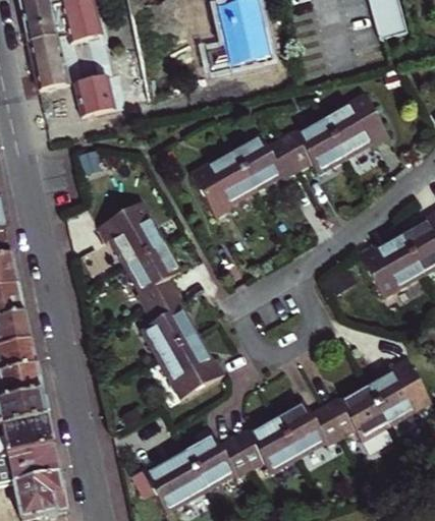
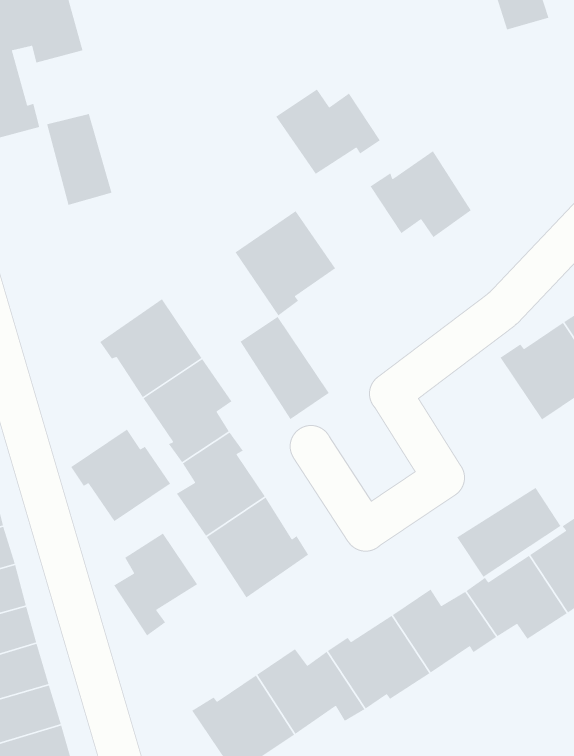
building: [324,95,389,158] -> none
building: [232,133,300,189] -> [275,88,381,175]
building: none -> [240,316,330,420]
building: none -> [70,429,171,522]
building: none -> [456,487,562,578]
building: none -> [113,533,198,637]

